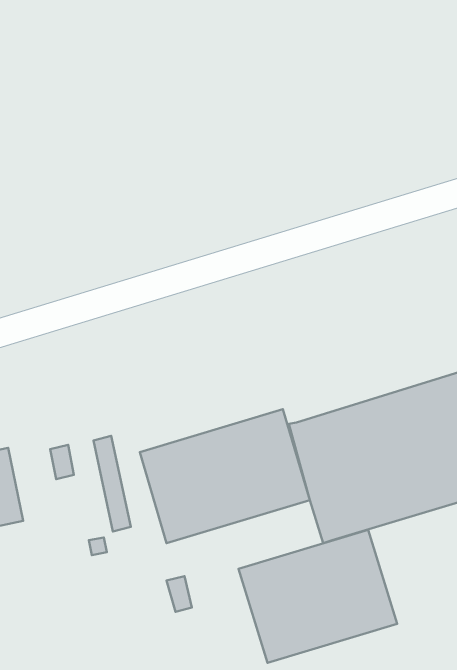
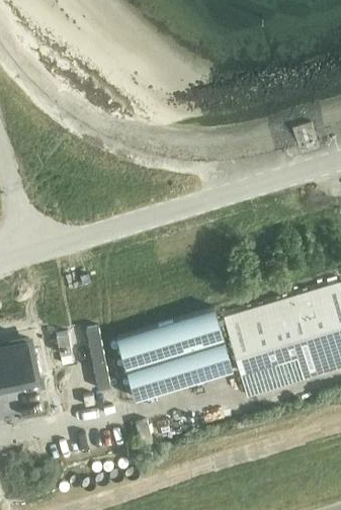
building: [238,530,397,663] -> none

